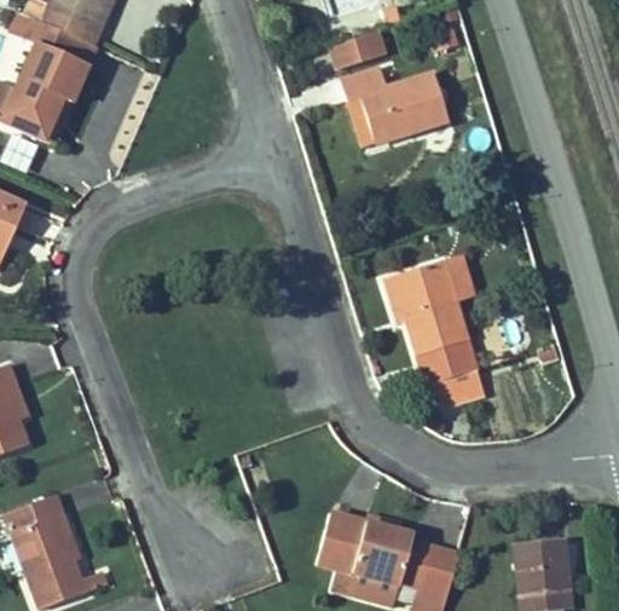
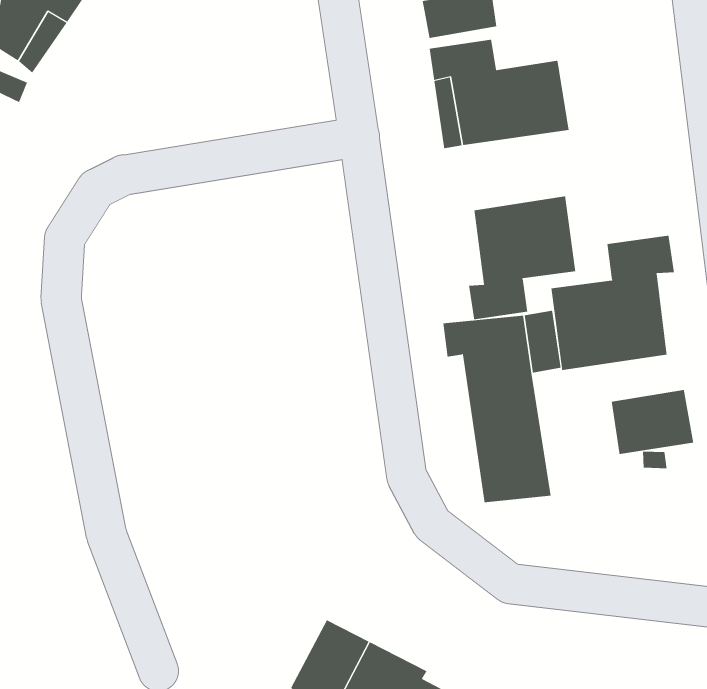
building: none -> [468,196,576,320]
building: none -> [551,235,674,371]
building: none -> [611,389,694,455]

